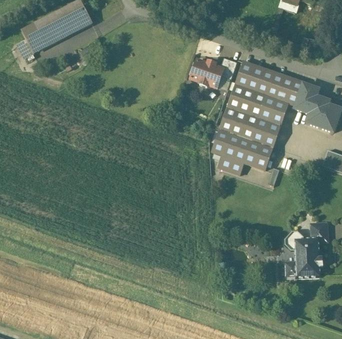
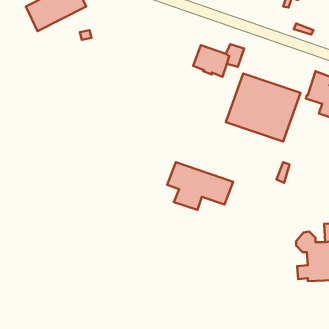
building: [21,22,46,52] -> none
building: [236,61,304,104] -> none
building: [212,129,273,173] -> [167,162,233,210]

